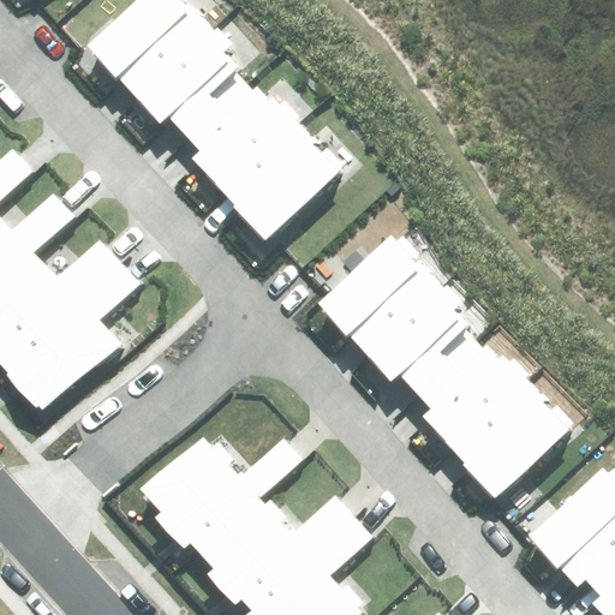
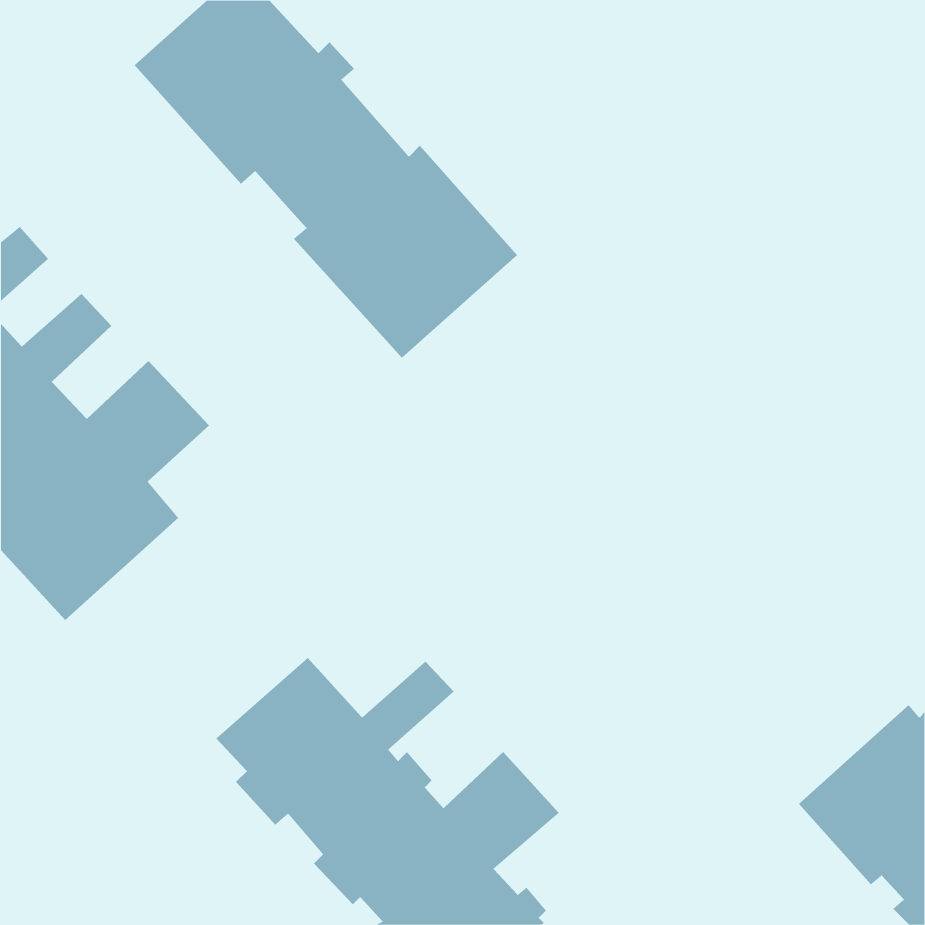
building: [318,235,574,497] -> none

